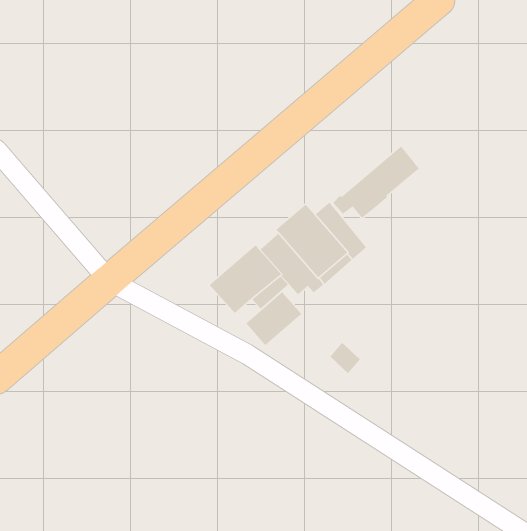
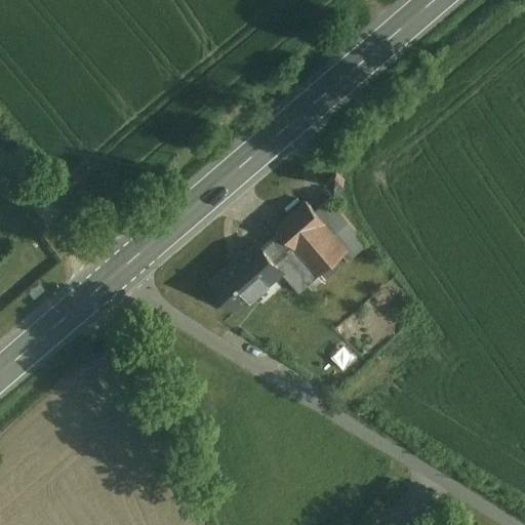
building: [333,146,420,219] -> none
building: [245,291,302,346] -> none

